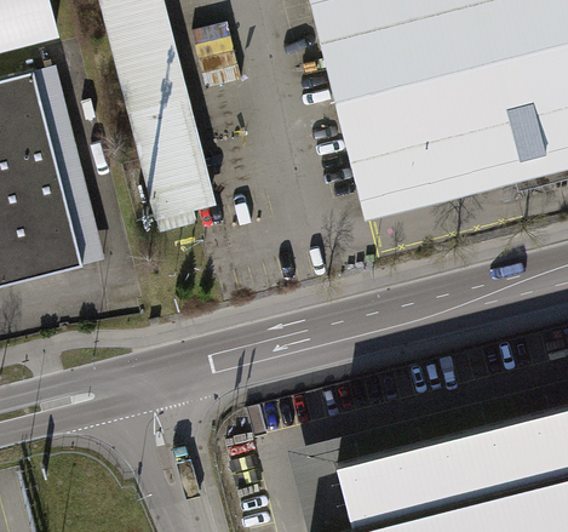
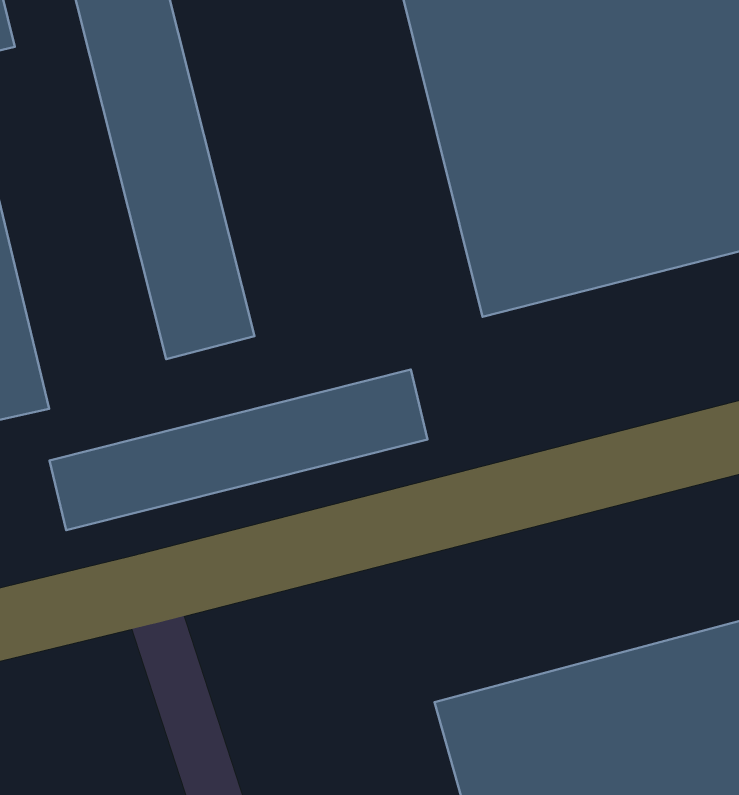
building: none -> [49,370,428,530]

